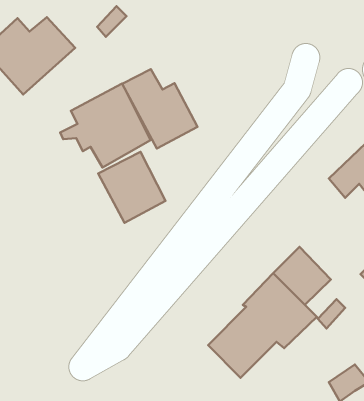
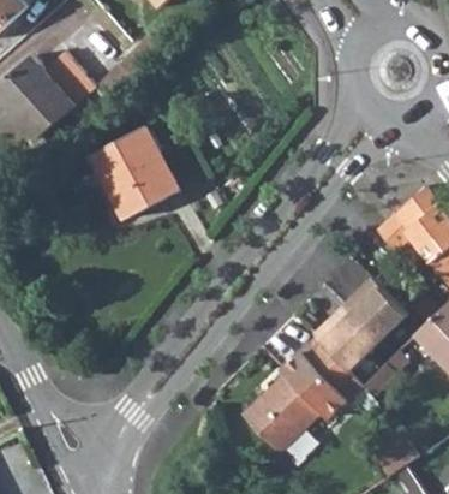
building: [122,69,198,148] -> none
building: [98,152,166,223] -> none
building: none -> [343,279,407,343]

